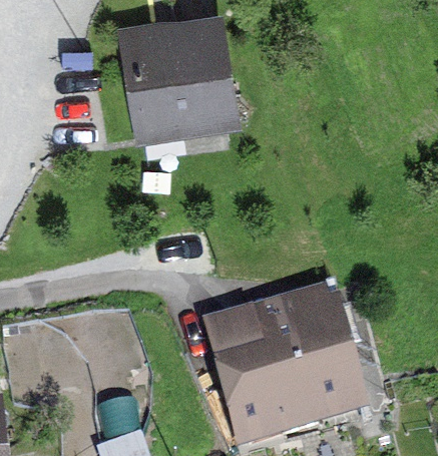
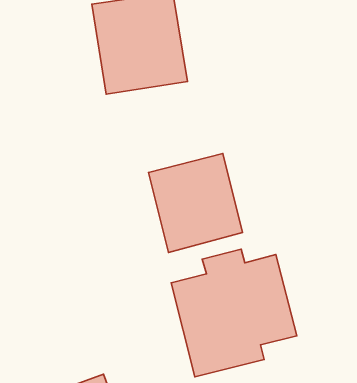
building: none -> [148,154,243,252]

